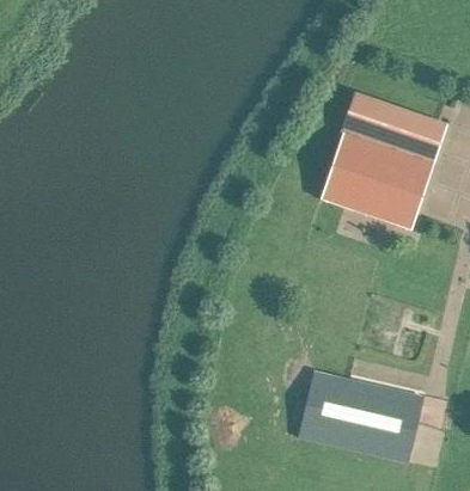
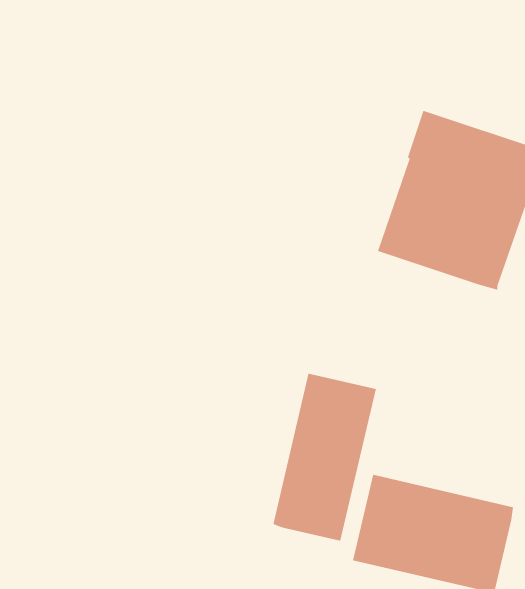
building: none -> [273,373,376,542]

